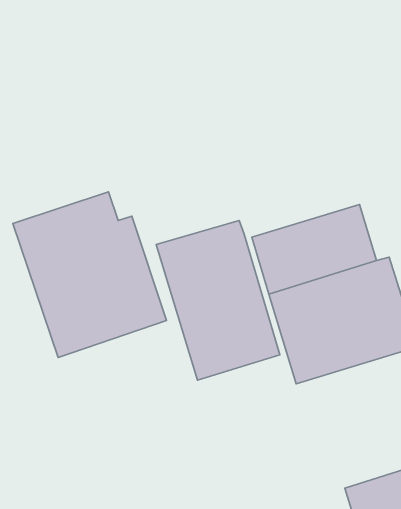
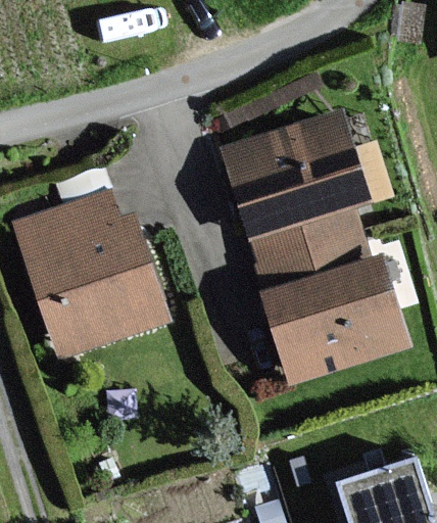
building: none -> [221,111,372,238]
building: [156,220,280,380] -> none

